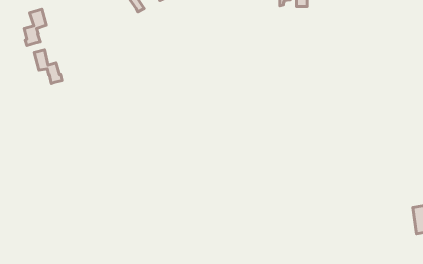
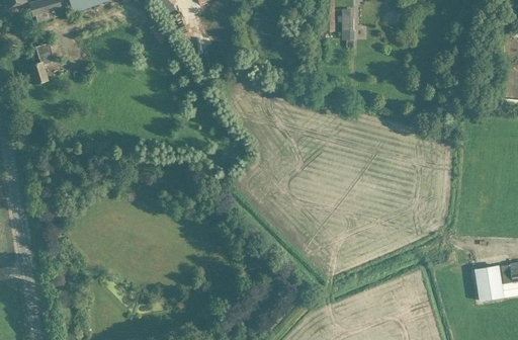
building: [34,50,62,83] -> none

